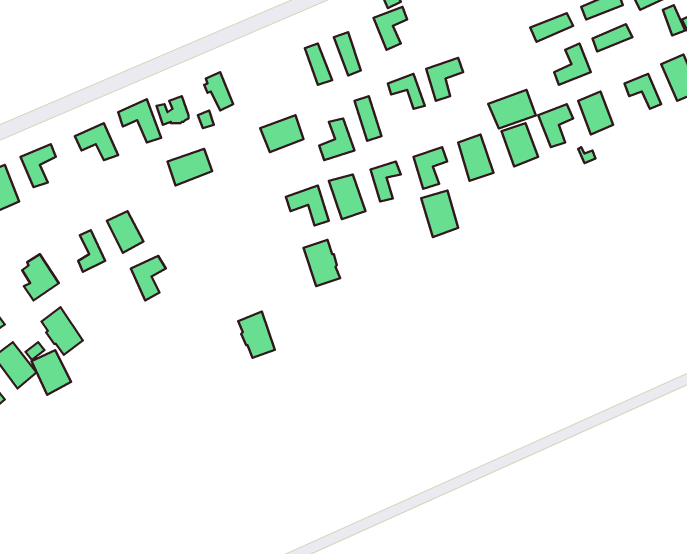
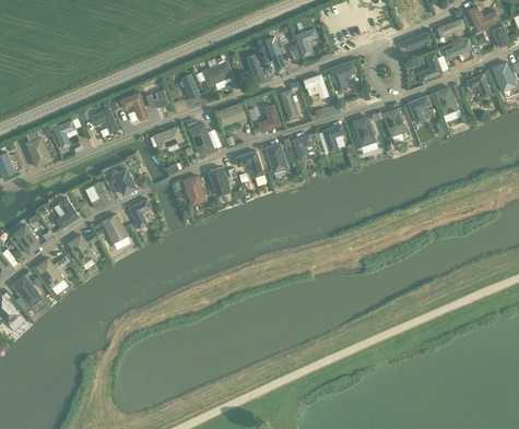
building: none -> [202,57,233,84]
building: [488,90,536,128] -> none
building: none -> [188,121,214,155]
building: [421,190,458,237] -> none
building: [303,240,340,286] -> [205,165,231,196]
building: [238,312,275,358] -> [181,174,207,205]
building: [31,350,71,395] -> [101,213,128,243]

